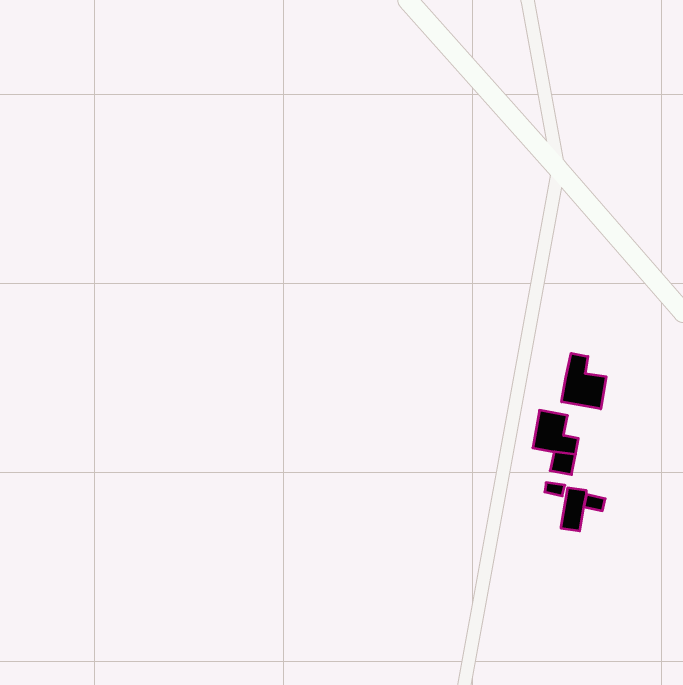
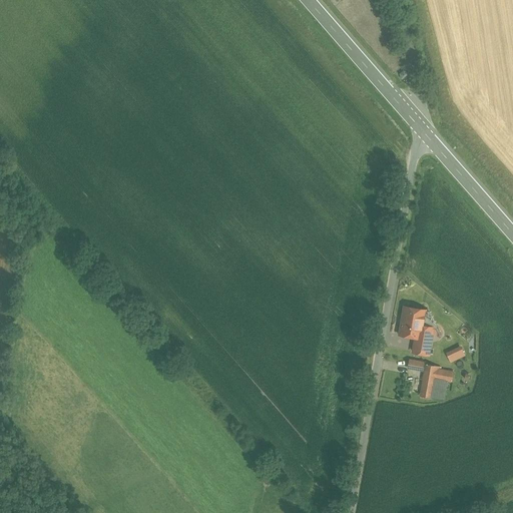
building: [562,353,606,409] -> none

